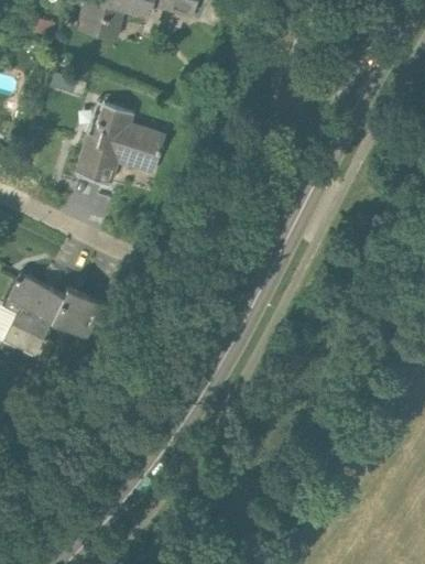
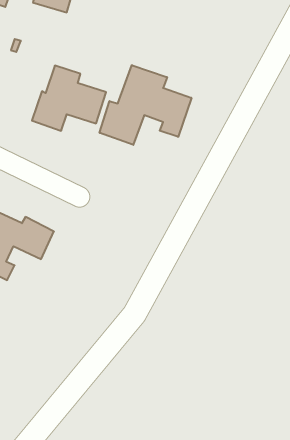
building: none -> [100,65,191,145]

